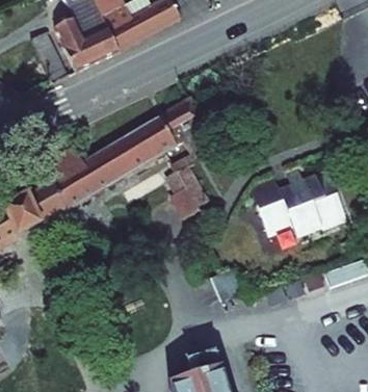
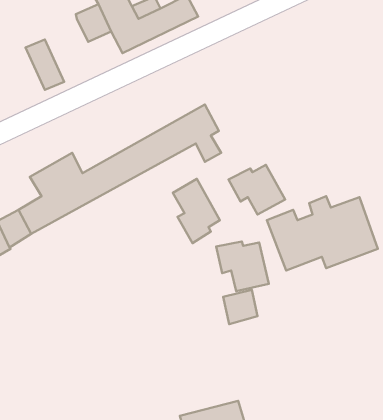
building: [62,21,120,71] -> none
building: none -> [228,165,285,214]
building: none -> [216,241,269,291]

